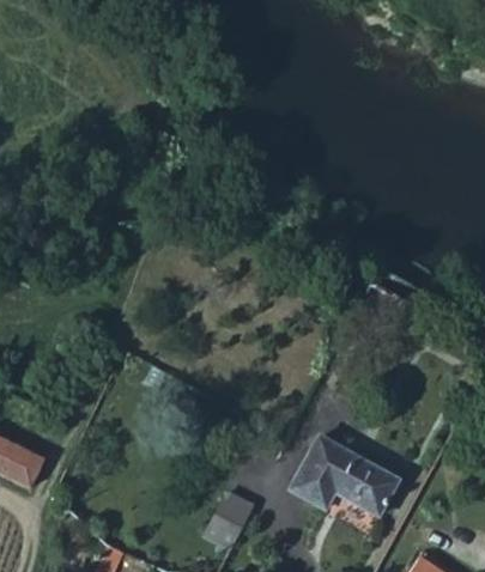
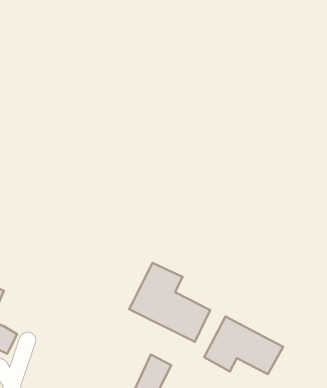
building: none -> [129,263,210,342]

